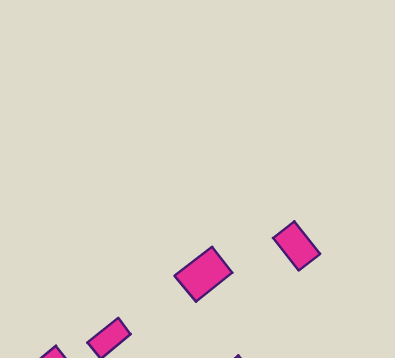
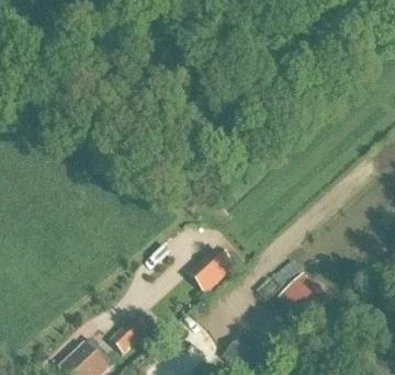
building: [273,221,320,270] -> [286,274,329,317]

